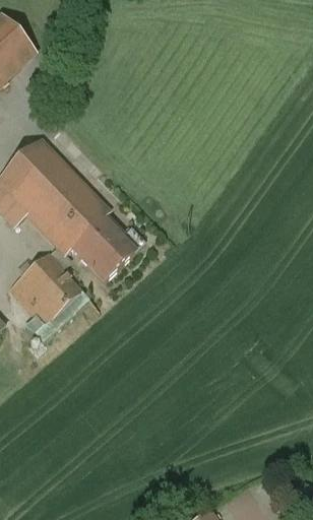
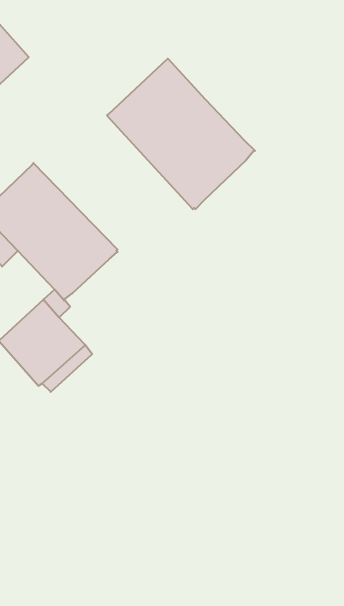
building: none -> [107,59,255,209]
building: [71,219,143,281] -> none

